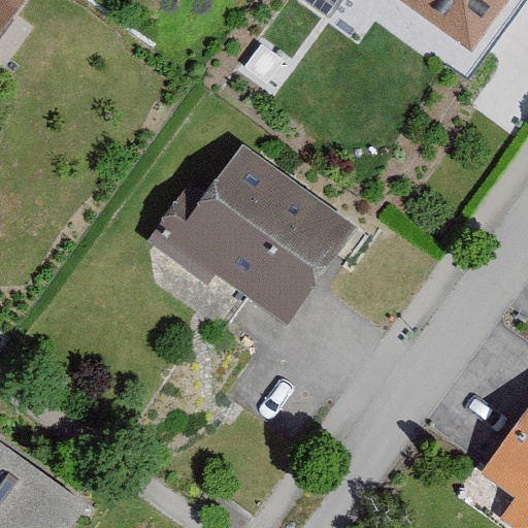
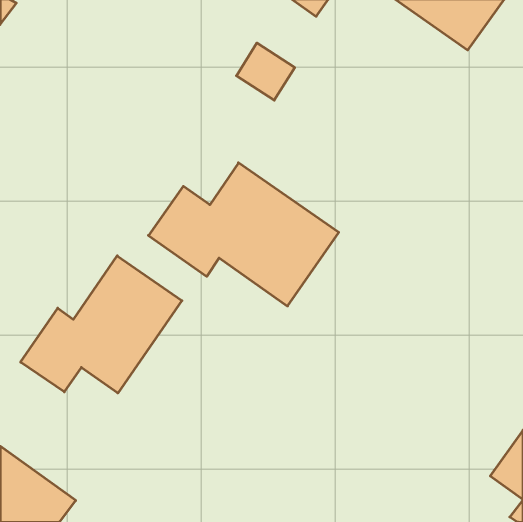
building: none -> [21,256,182,393]

